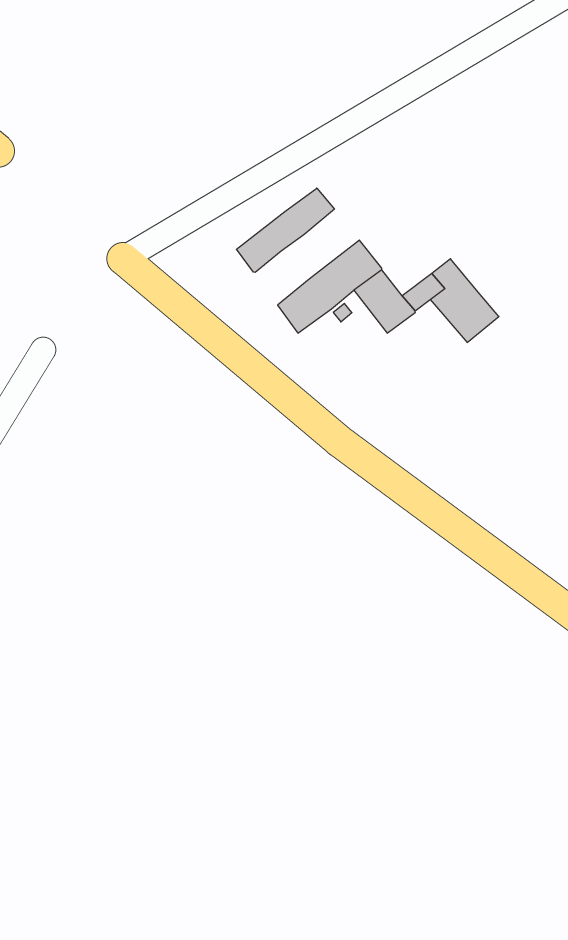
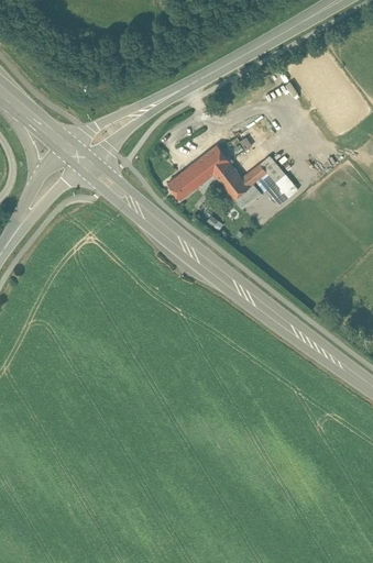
building: [236,188,334,272] -> none

